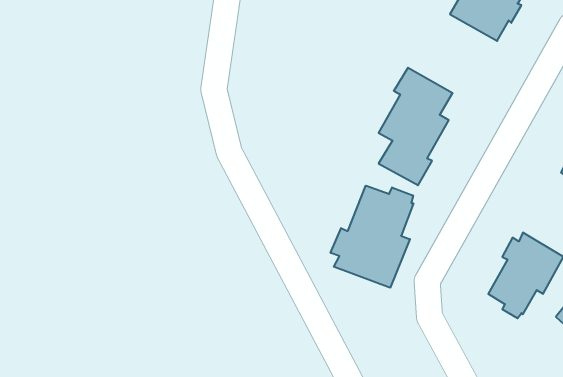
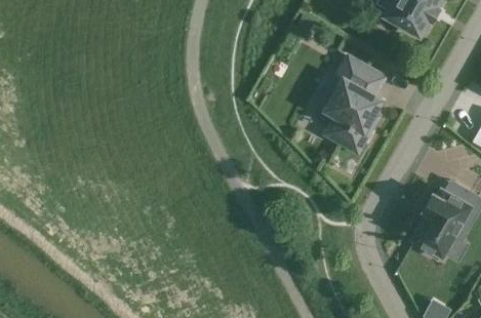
building: [331,186,413,288] -> none

